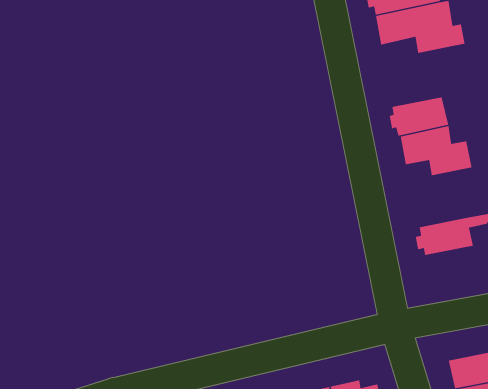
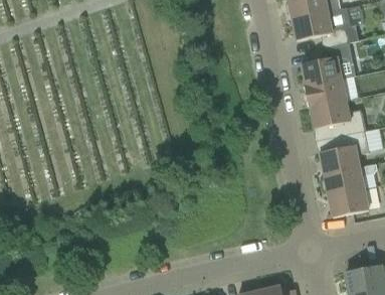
building: none -> [302,41,356,85]
building: none -> [320,130,369,173]
building: none -> [329,187,369,216]

